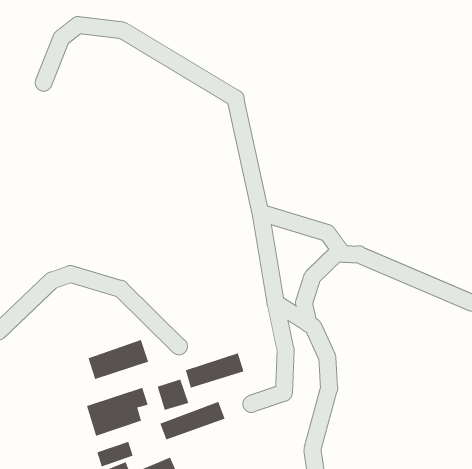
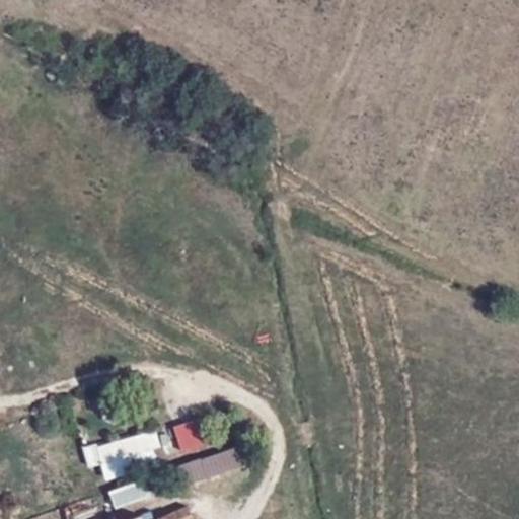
building: [88,339,149,380] -> none
building: [185,353,244,388] -> none

